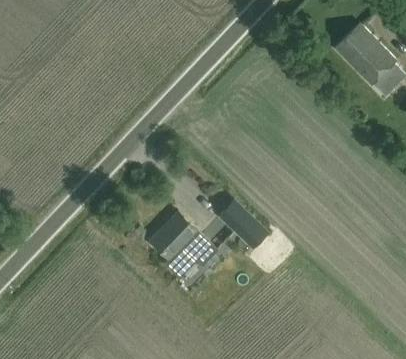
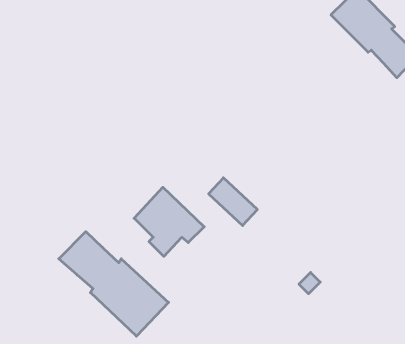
building: none -> [59,232,169,336]

